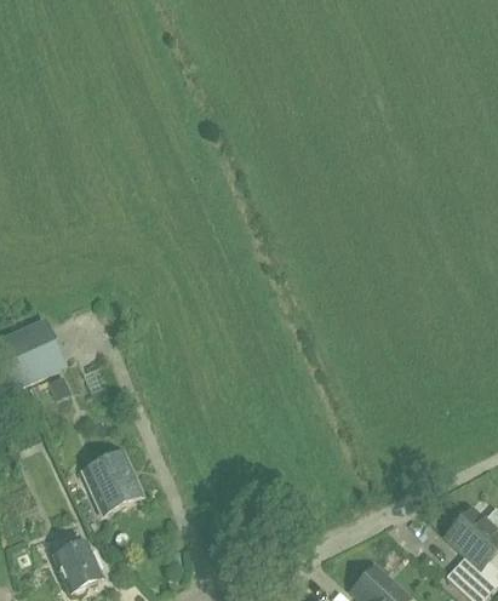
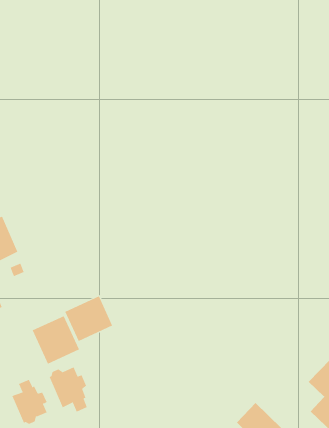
building: none -> [64,296,113,342]
building: none -> [49,366,88,413]

